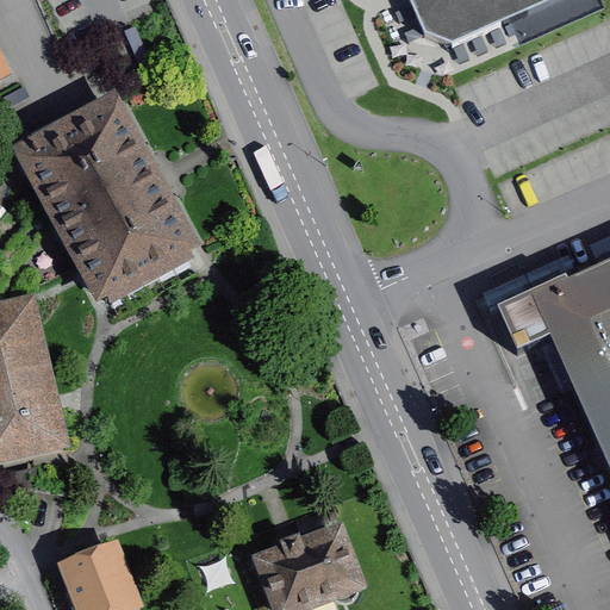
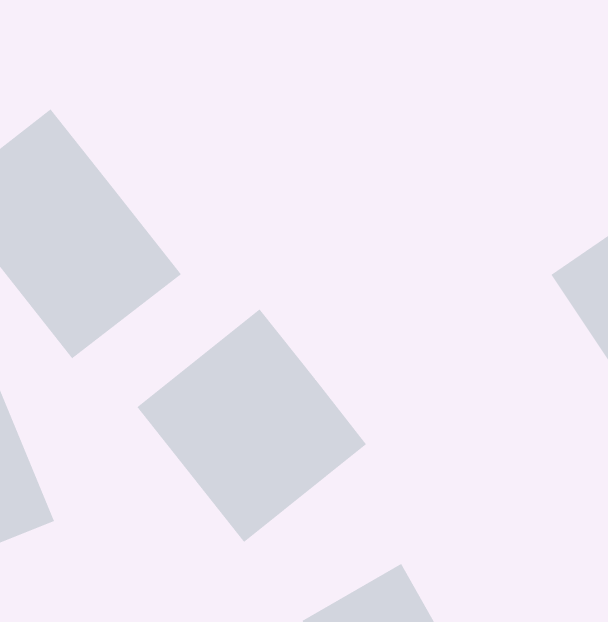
building: none -> [137,308,367,543]

